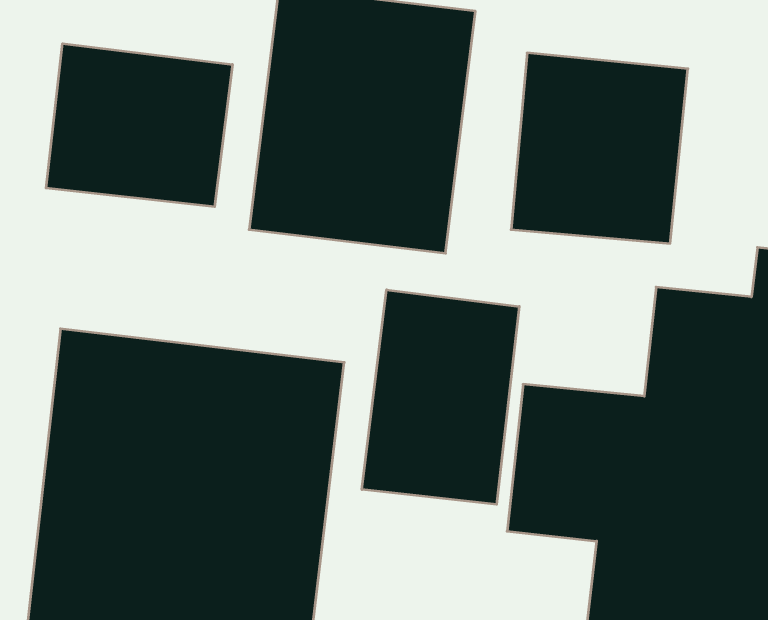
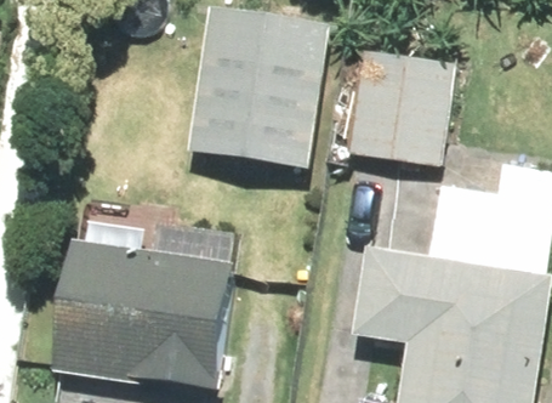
building: [46,44,232,207] -> none
building: [362,290,519,504] -> none

